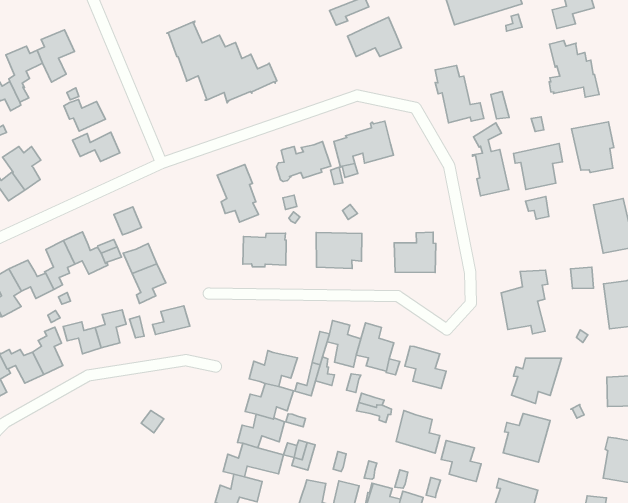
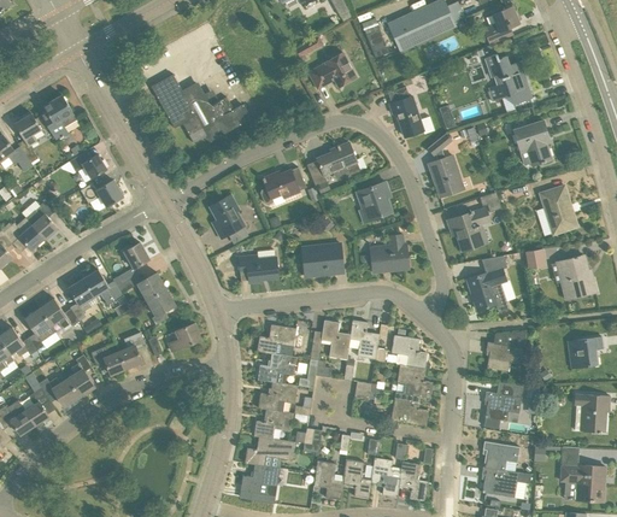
building: [513,143,563,190] -> [447,207,490,251]
building: none -> [354,182,390,223]
building: none -> [255,324,295,354]
building: [441,440,481,481] -> [396,365,431,398]

